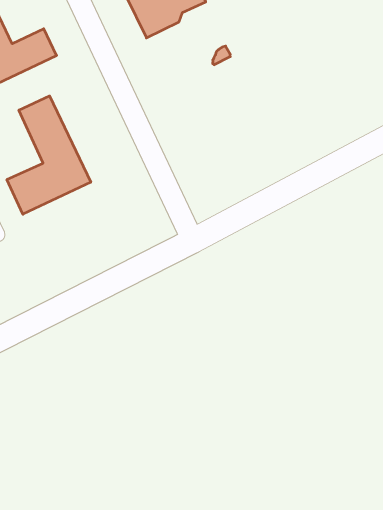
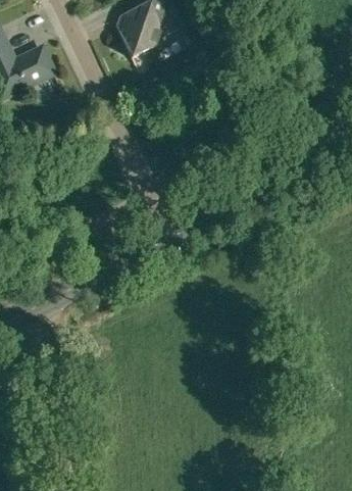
building: [7,96,91,214] -> none

